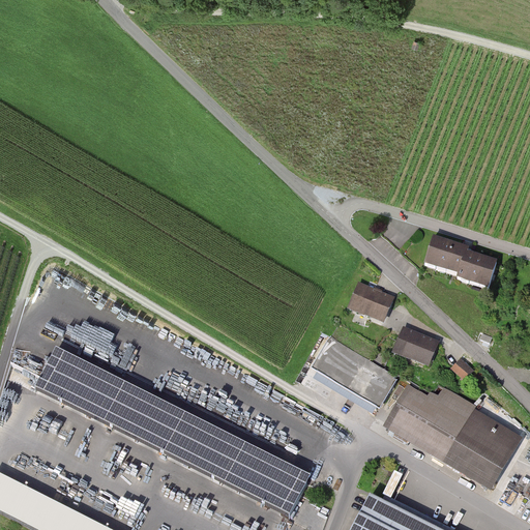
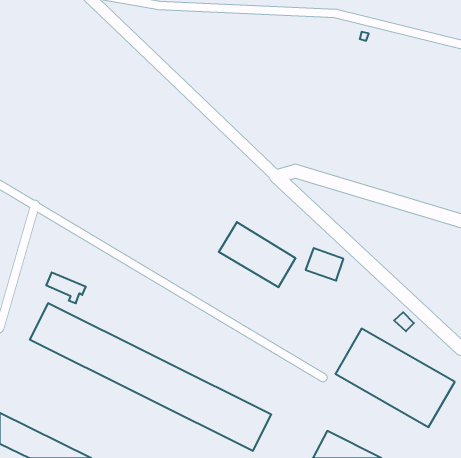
building: [423,232,496,285] -> none
building: [392,325,439,365] -> none
building: [310,331,398,406] -> [219,222,296,287]

